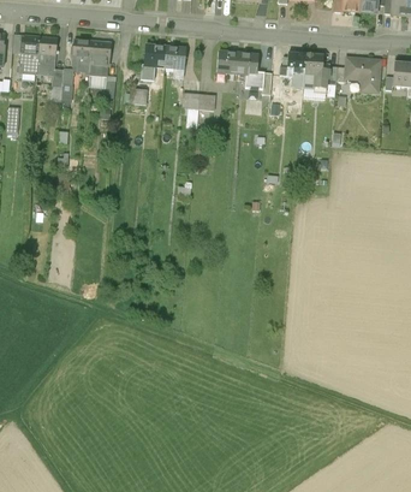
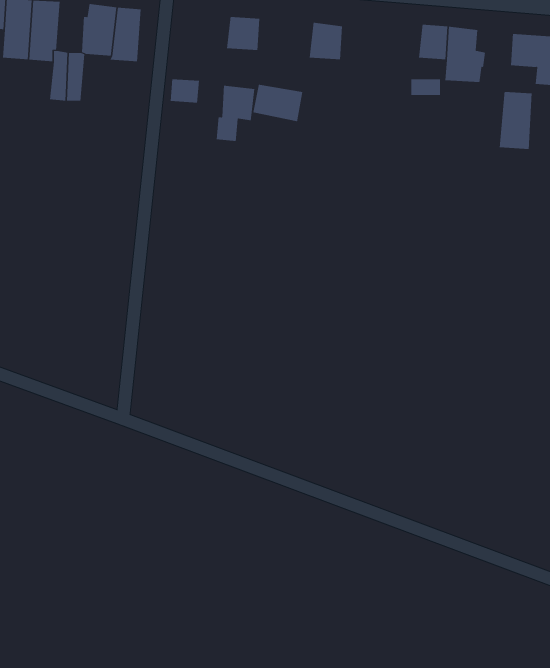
building: [141,45,166,81] -> [216,85,255,141]
building: [237,53,264,90] -> none
building: none -> [499,91,532,150]

